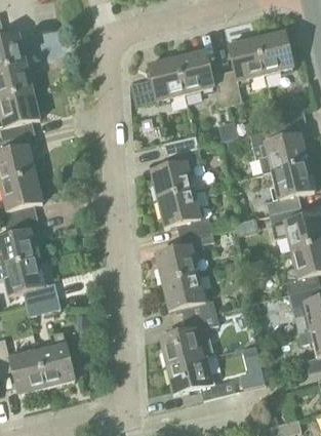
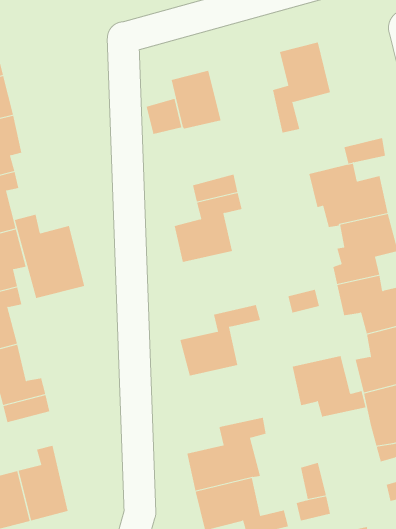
building: [256,32,293,75] -> none
building: [176,51,230,108] -> none
building: none -> [14,214,85,299]
building: [157,191,211,237] -> none
building: [162,274,216,319] -> [292,355,366,417]

